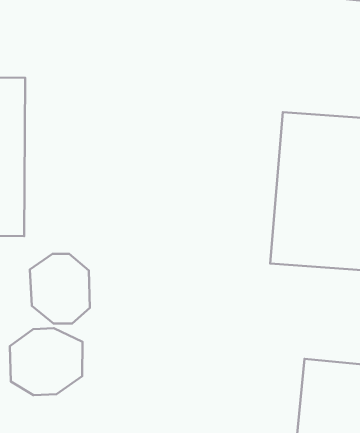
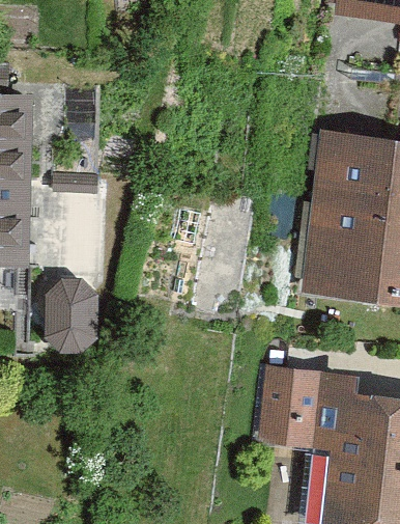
building: [10,328,83,395] -> none
building: none -> [257,366,319,445]

